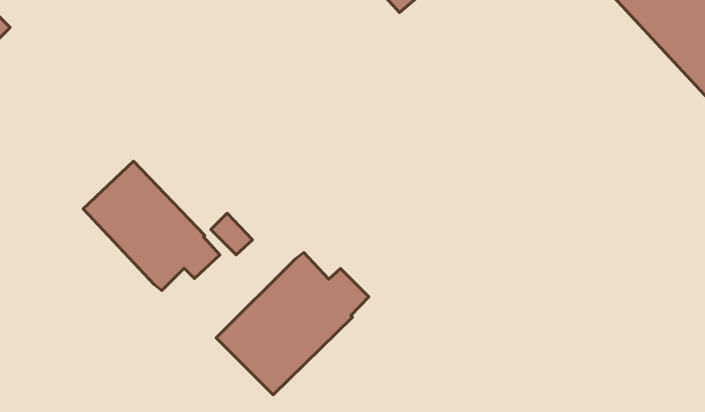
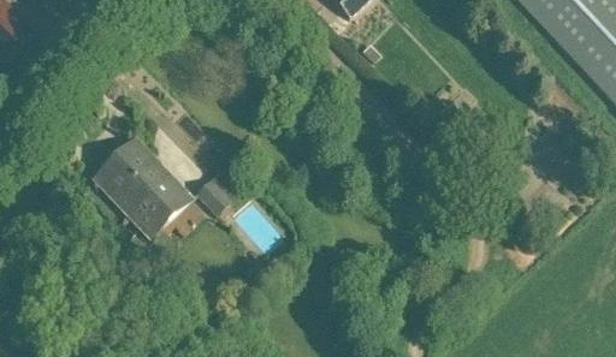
building: [216,253,369,395] -> none

